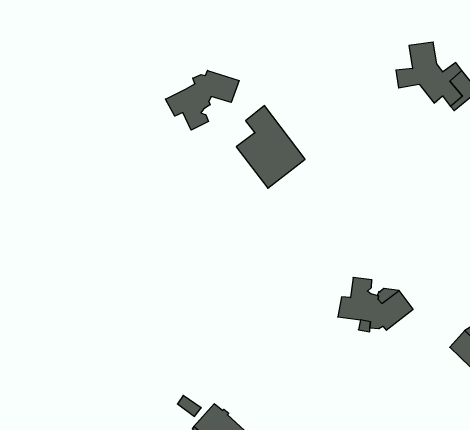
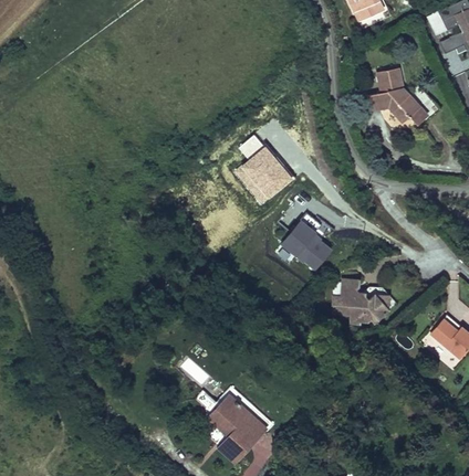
building: [165,70,239,130] -> none
building: none -> [281,212,334,272]

